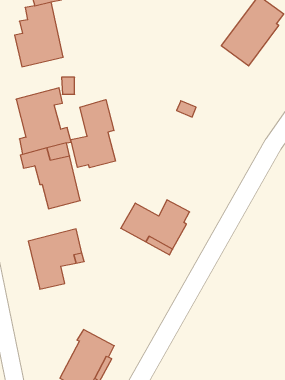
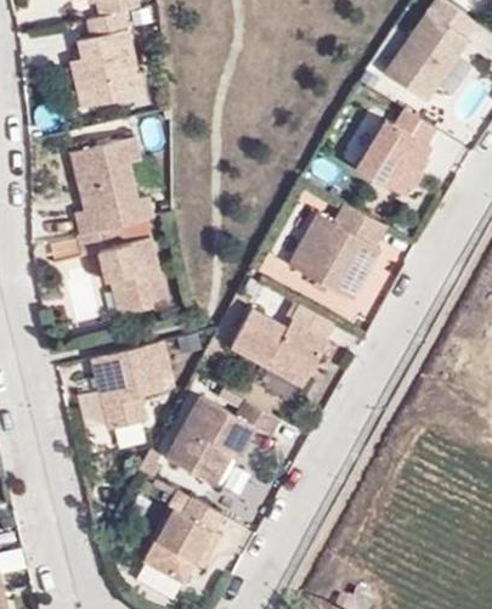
building: none -> [352,108,434,196]
building: [71,100,115,168] -> none
building: none -> [285,202,385,300]
building: none -> [160,401,275,491]

